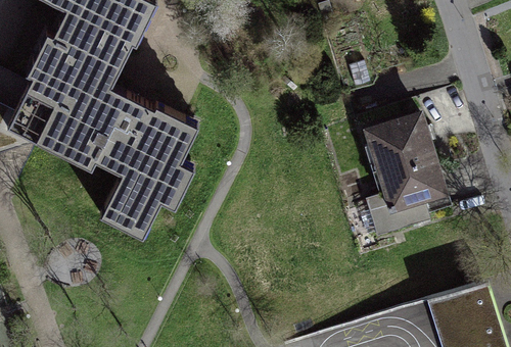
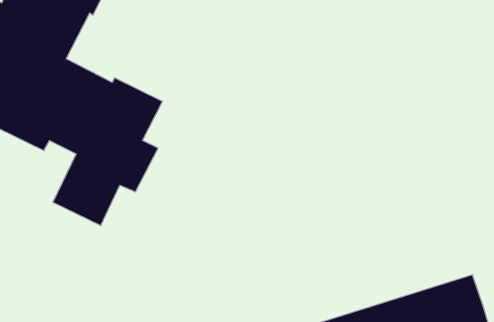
building: [367,116,448,233] -> none

